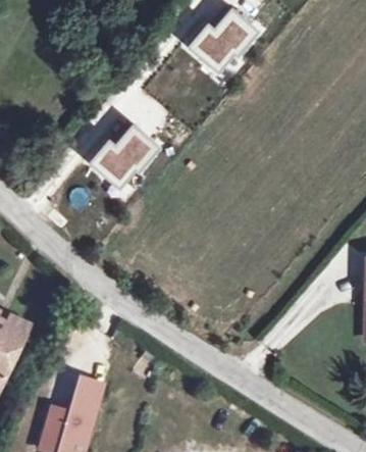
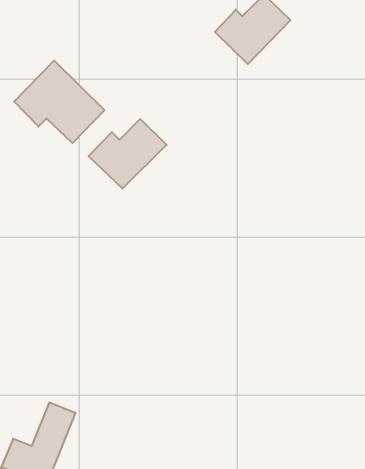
building: none -> [14,61,104,143]

